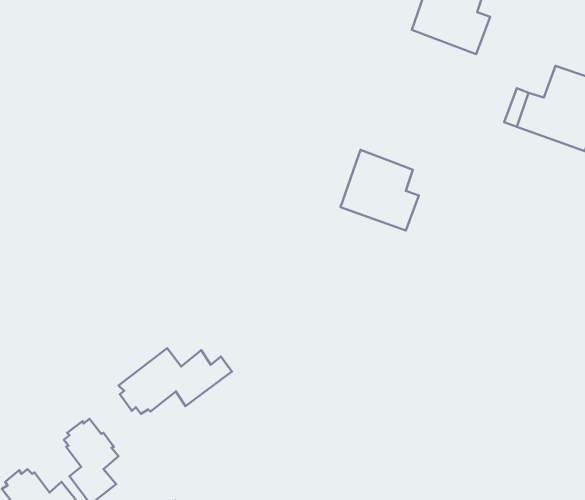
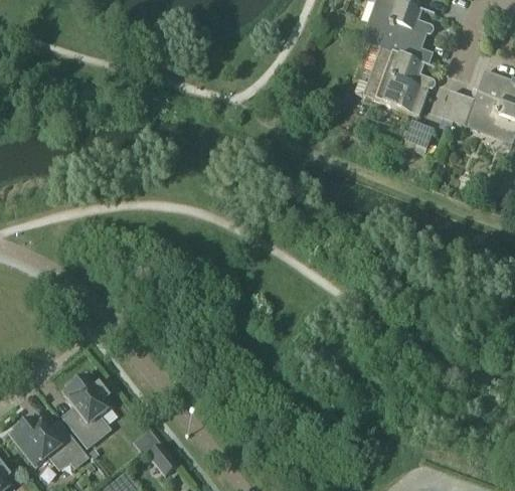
building: none -> [405,122,435,151]
building: [340,150,419,231] -> [365,45,433,115]
building: [119,348,232,414] -> none

